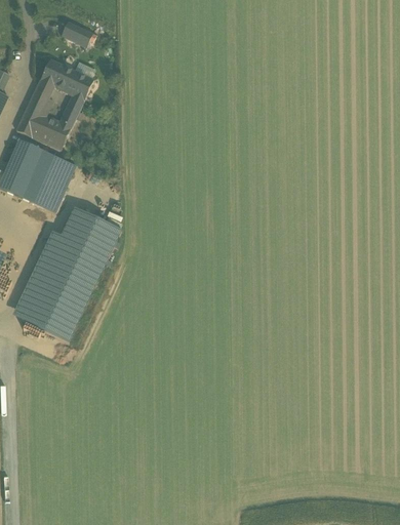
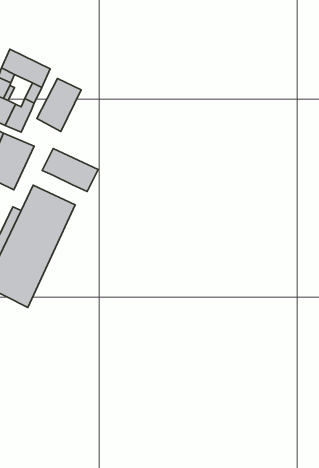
building: [61,22,92,46] -> none
building: none -> [37,79,81,131]
building: none -> [42,148,98,192]

